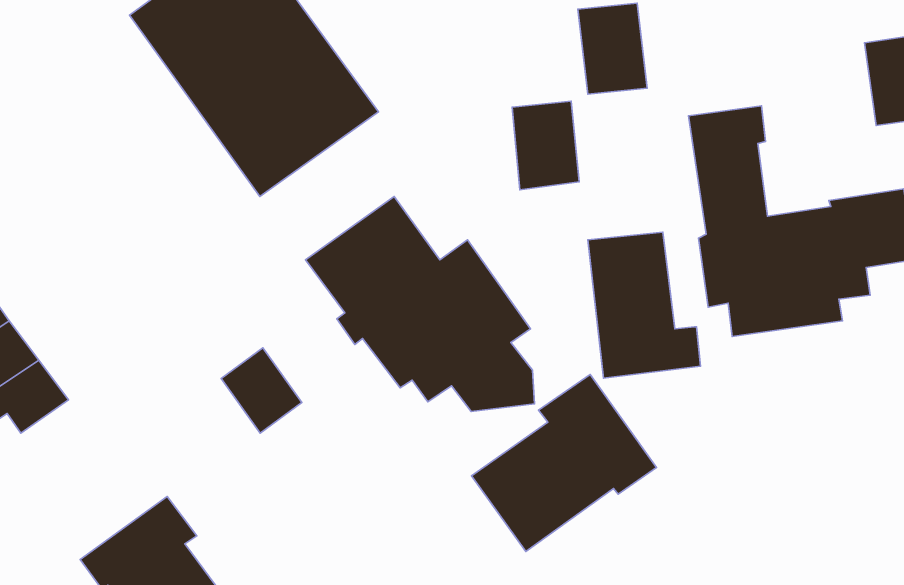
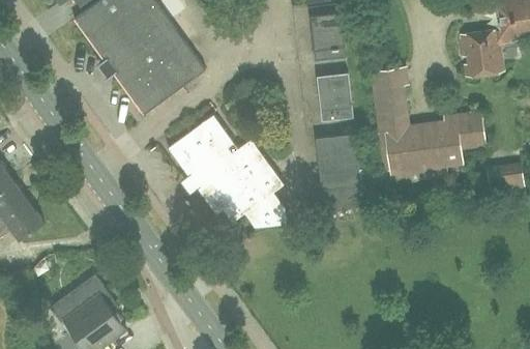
building: [512,101,579,190] -> [317,75,352,121]
building: [221,348,302,433] -> none
building: [471,374,656,552] -> none

